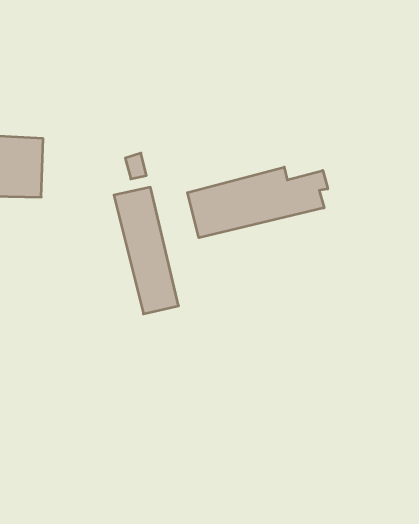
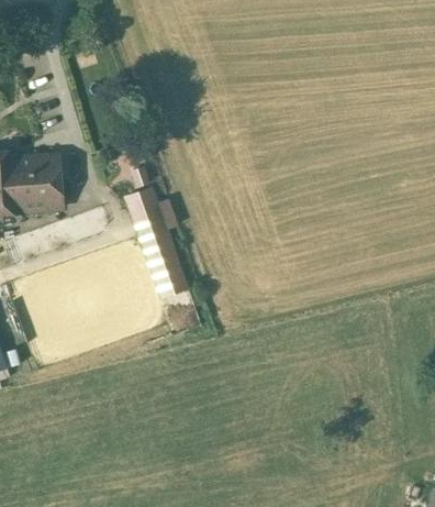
building: [187,167,328,238] -> none

